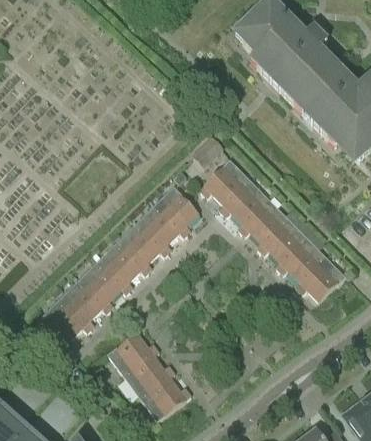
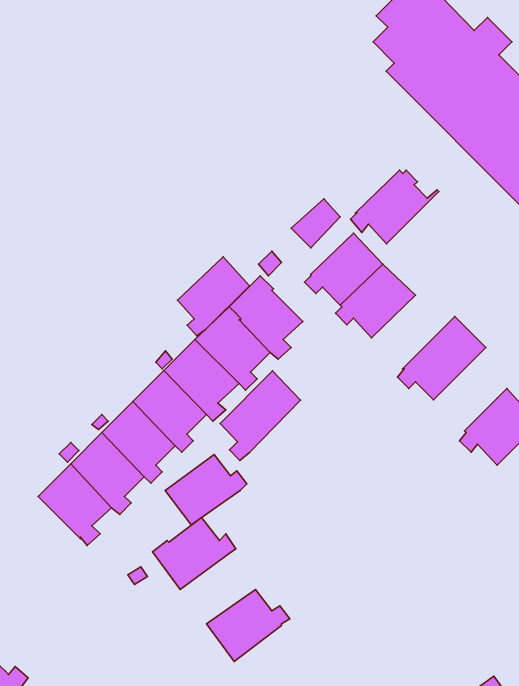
building: none -> [178,257,250,336]
building: [239,196,293,241] -> [350,170,439,244]
building: [277,228,326,279] -> none
building: none -> [220,371,300,461]
building: [125,354,175,397] -> [165,454,247,525]

